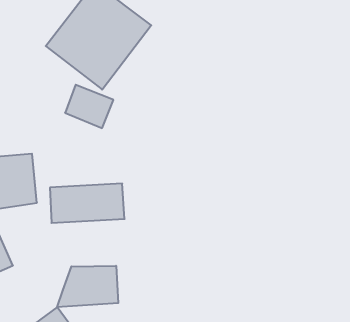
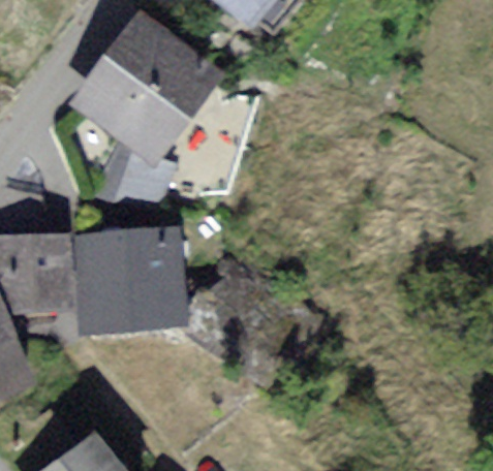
building: none -> [83,231,179,280]
building: [57,266,118,307] -> none

